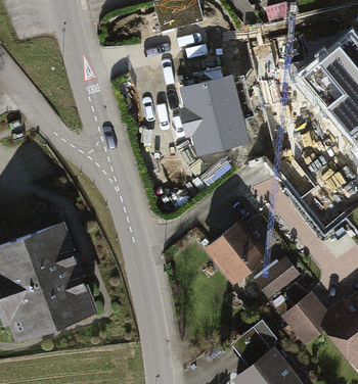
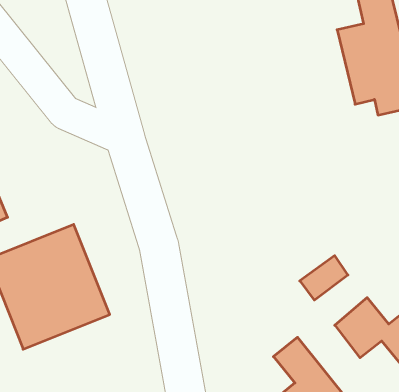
building: [183,76,244,151] -> none
building: [208,223,265,282] -> none

